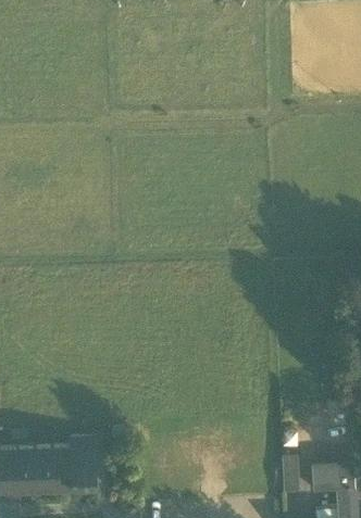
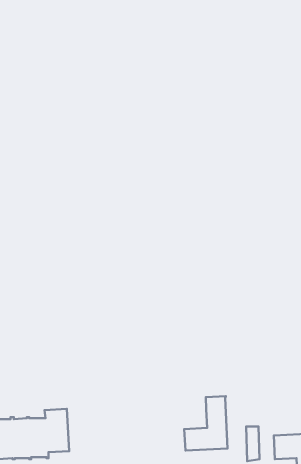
building: none -> [184,396,228,451]

